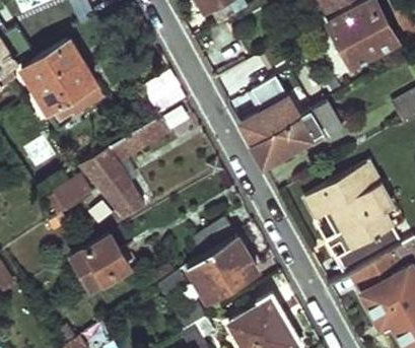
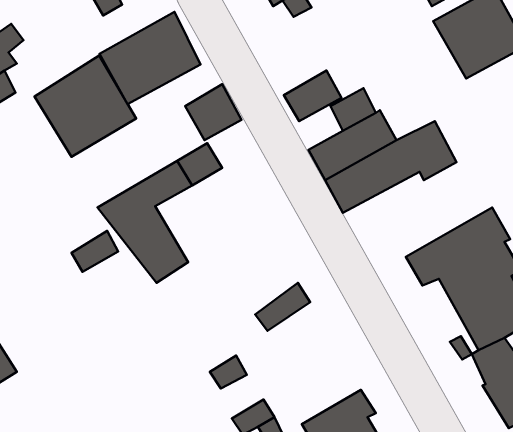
building: none -> [100,12,201,104]
building: [188,235,257,298] -> none
building: [73,236,131,292] -> none

